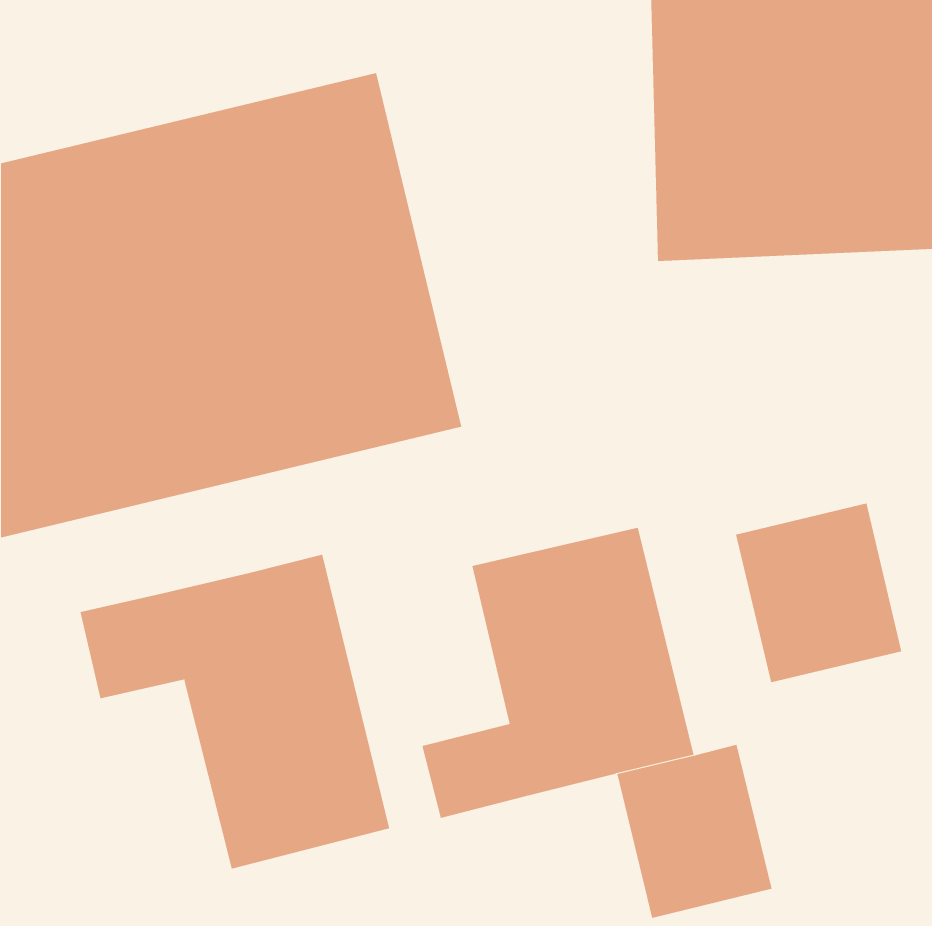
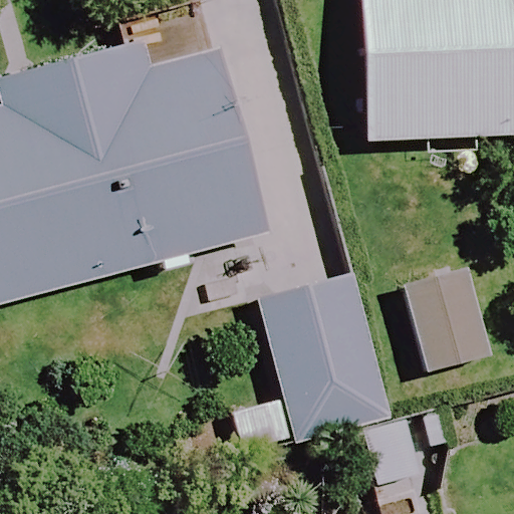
building: [80,554,390,870] -> none

